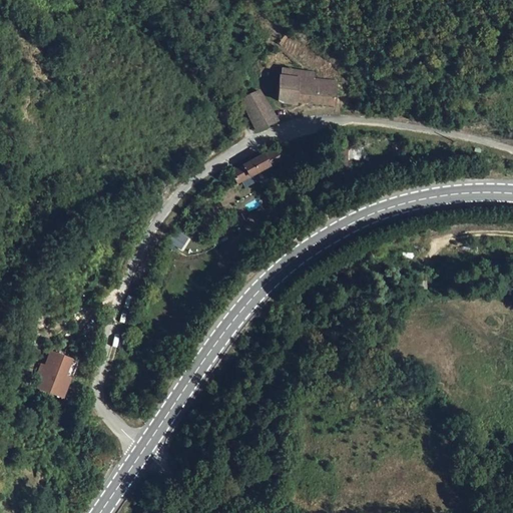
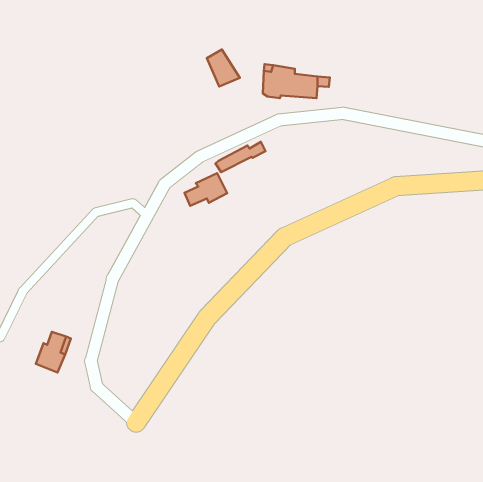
building: [242,90,278,129] -> [207,50,240,86]
building: none -> [185,173,227,206]

